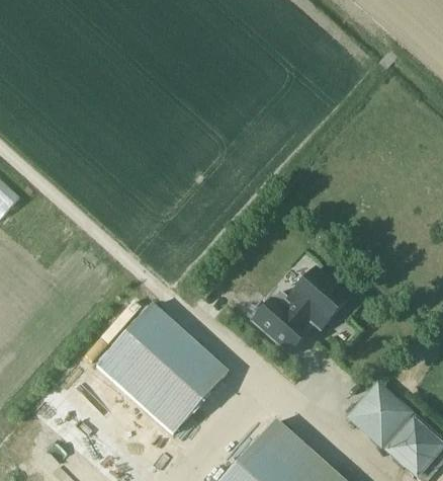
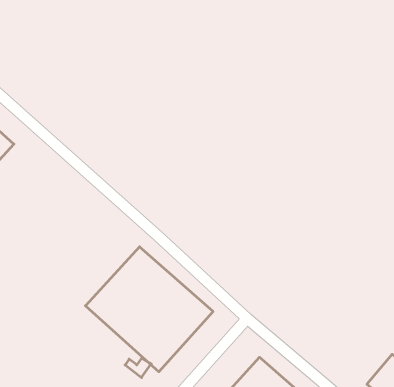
building: [252,268,347,352] -> none
building: [350,384,407,440] -> none

